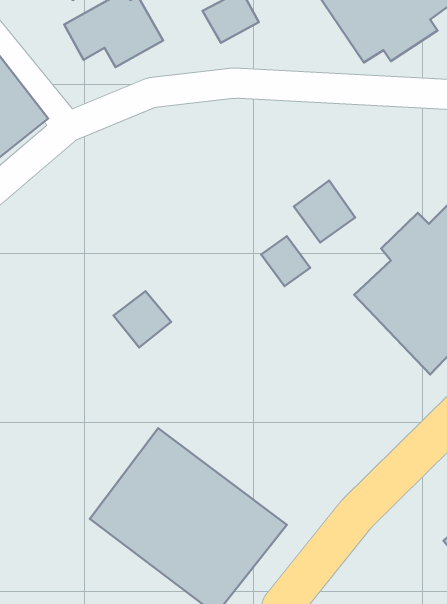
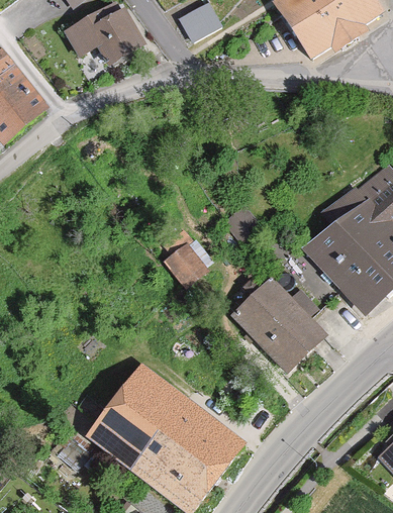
building: [294,180,355,243] -> none
building: [114,291,171,347] -> [165,243,212,290]
building: none -> [227,275,326,376]

